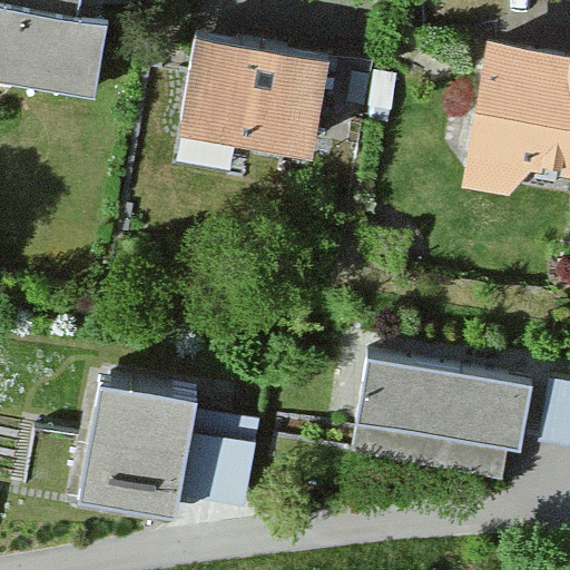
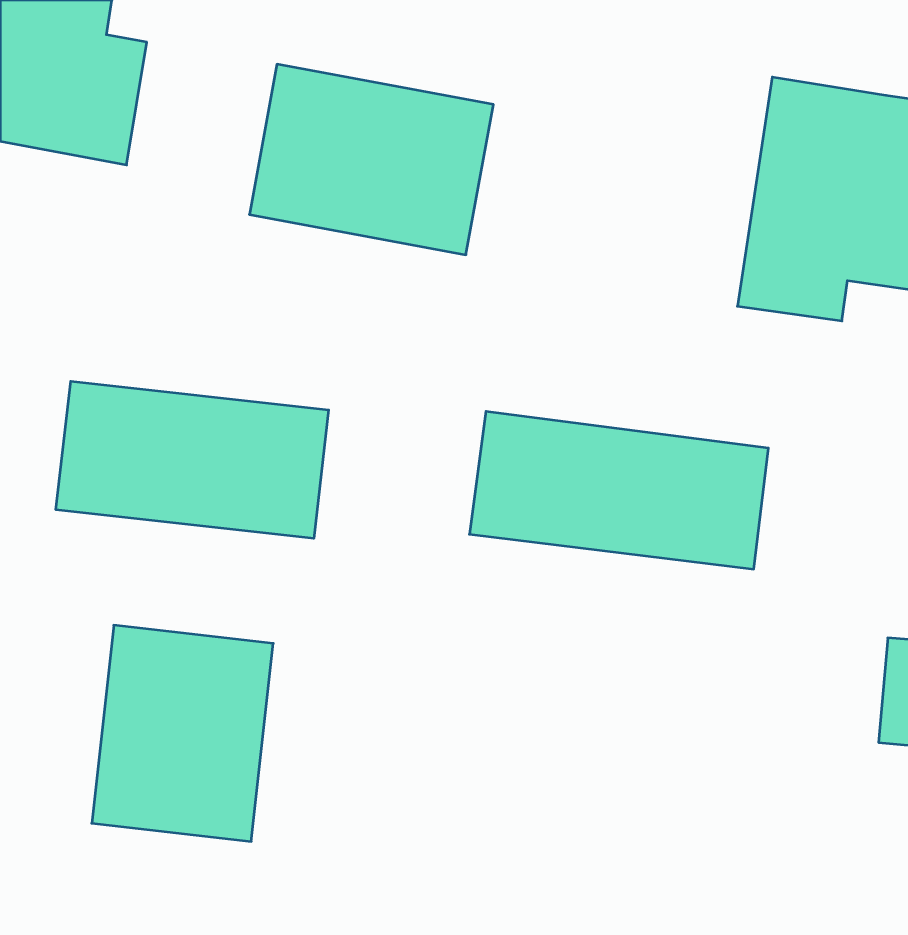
building: none -> [56,381,329,538]
building: [352,360,533,455] -> [469,411,768,569]

